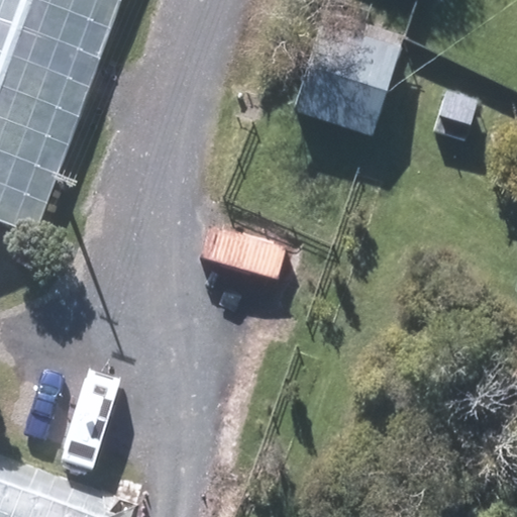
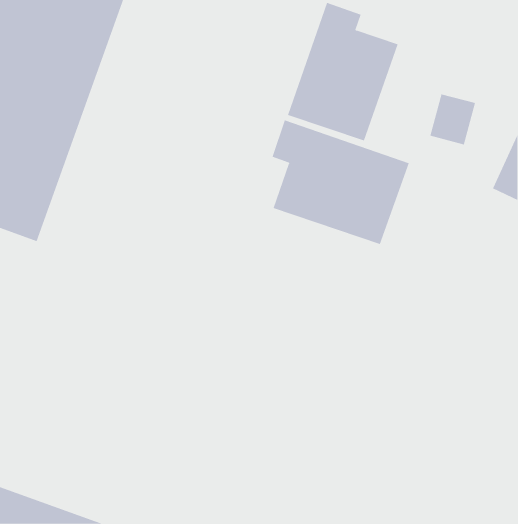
building: none -> [272,119,410,245]

